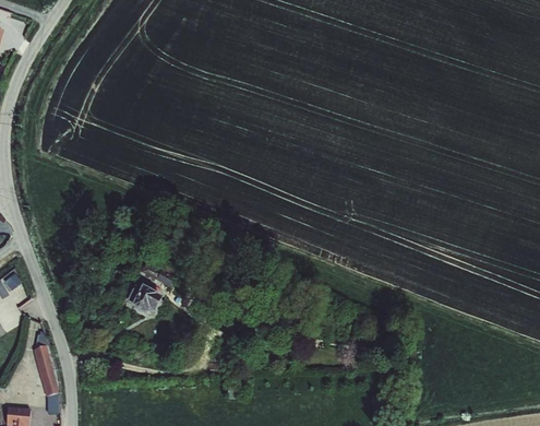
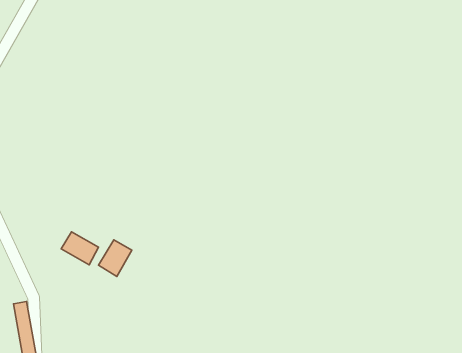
building: none -> [61,232,99,265]

